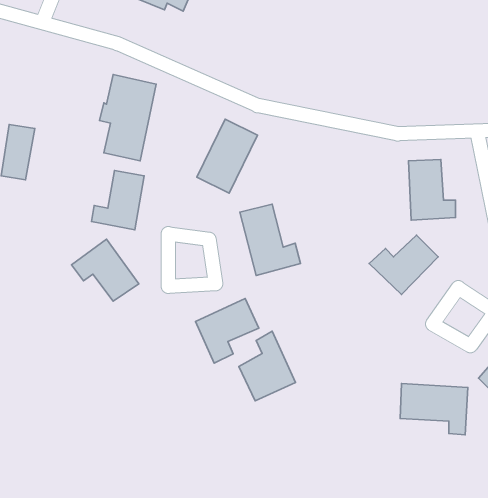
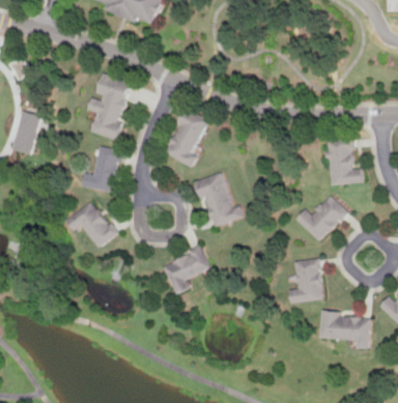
building: none -> [289,258,324,303]
building: [239,331,296,401] -> none

